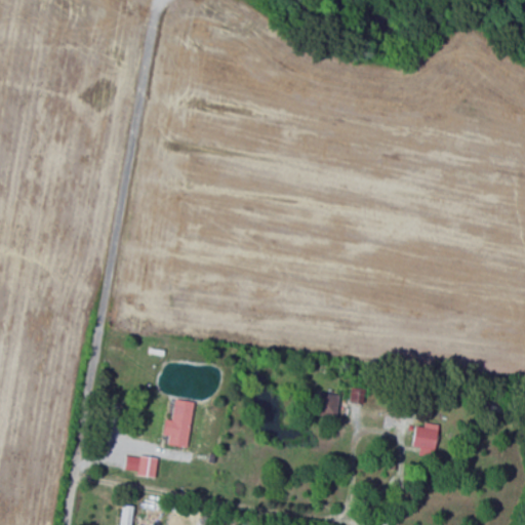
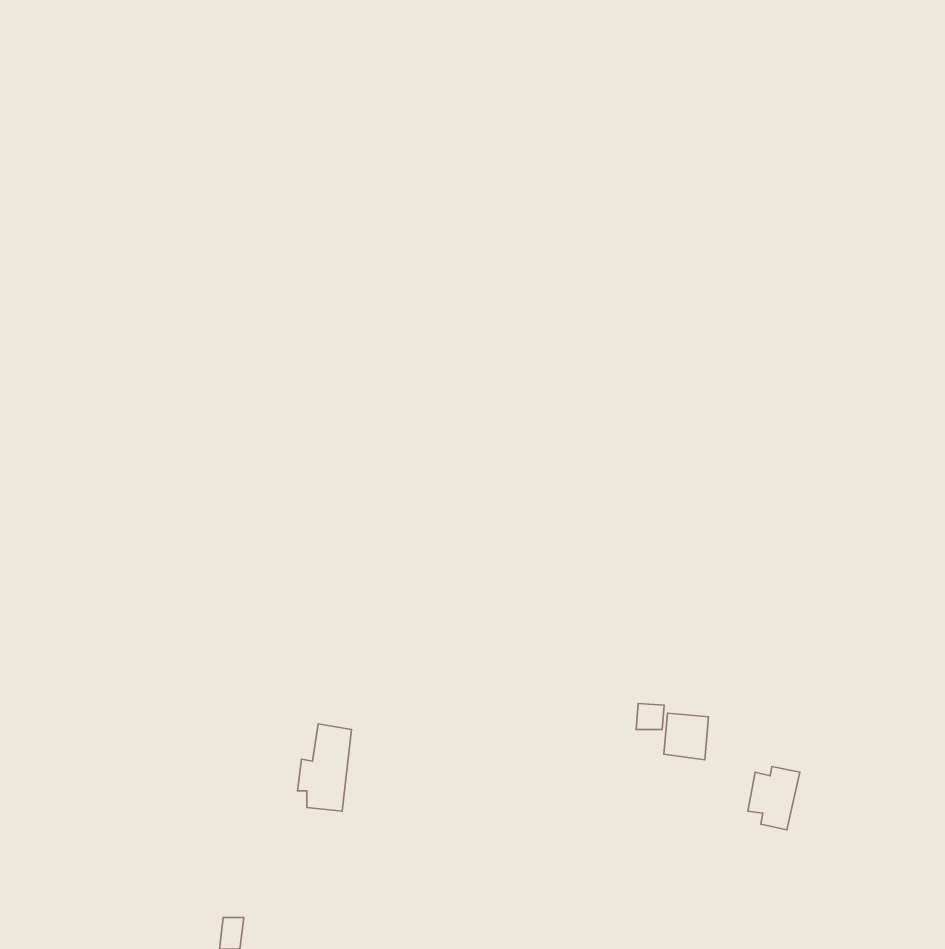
building: [315,392,339,417] -> [664,713,708,760]
building: [125,455,158,476] -> none

